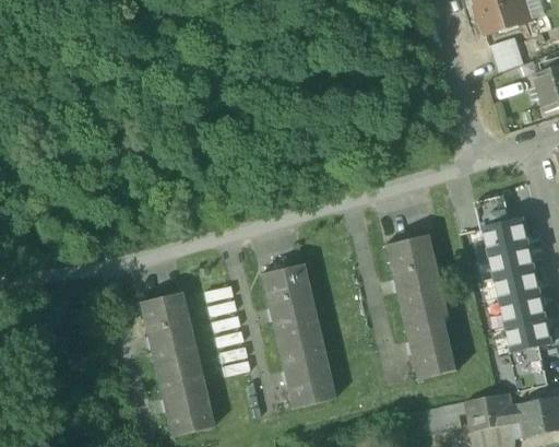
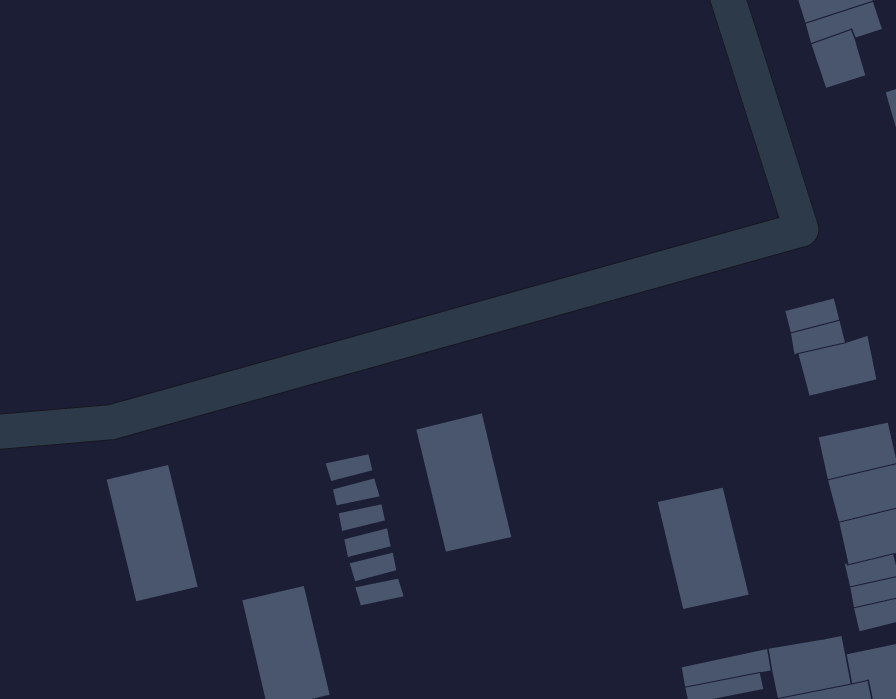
building: [385,233,442,315] -> none
building: [492,243,539,277] -> none
building: [141,292,195,373] -> [106,465,198,602]
building: [278,336,333,408] -> none

